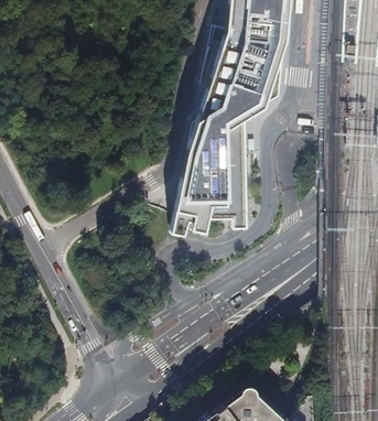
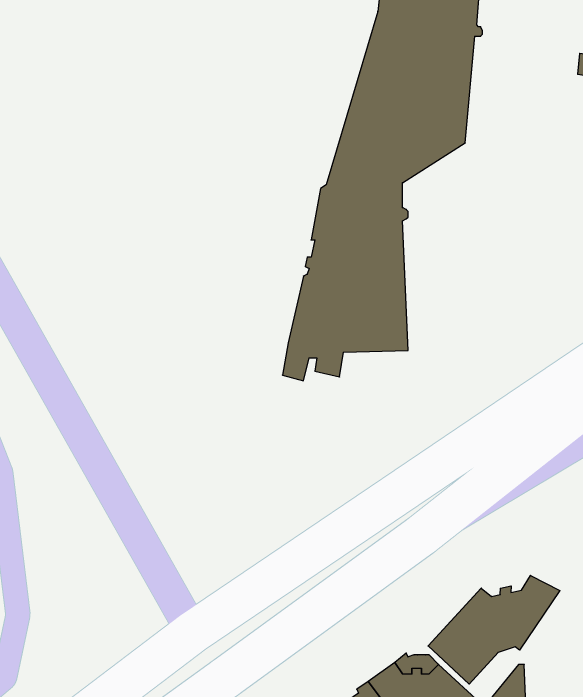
building: none -> [428,575,560,684]

